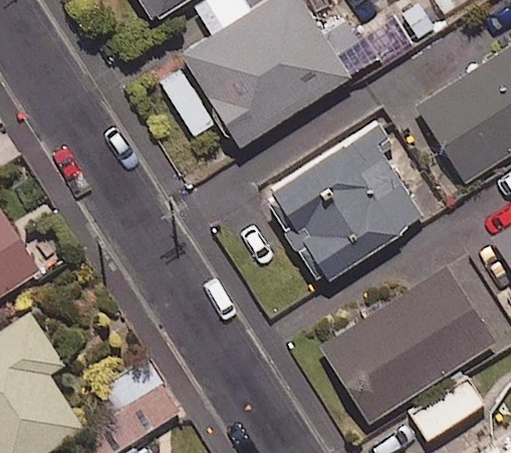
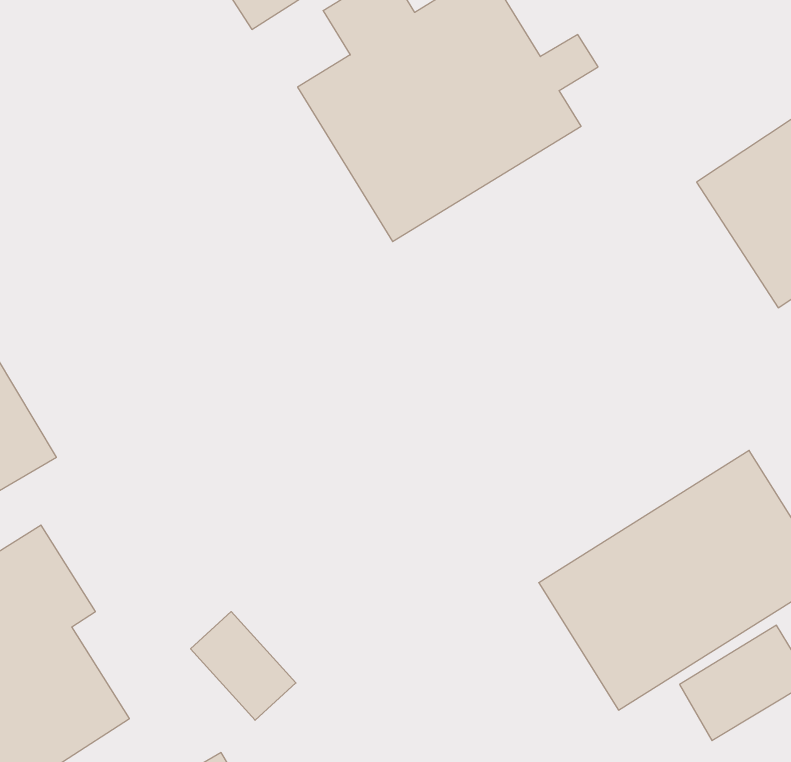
building: [265,129,444,281] -> none

